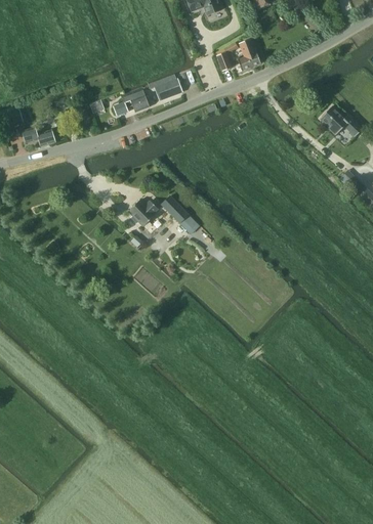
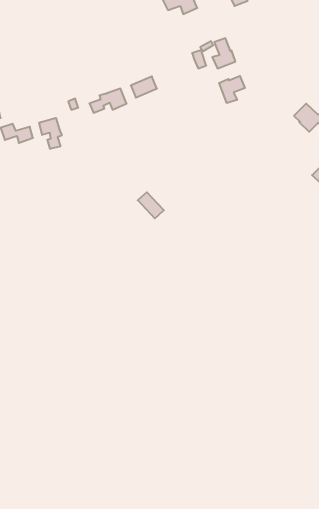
building: none -> [219,76,245,103]
building: none -> [39,118,62,149]
building: [129,199,158,226] -> none

